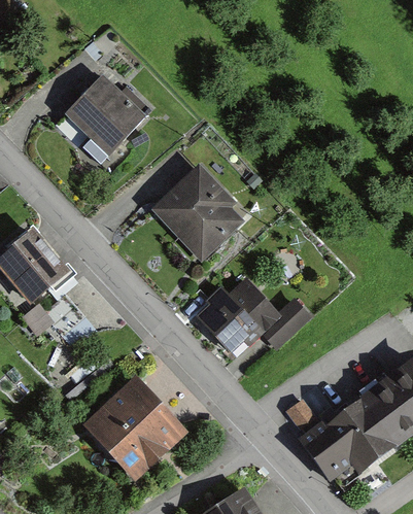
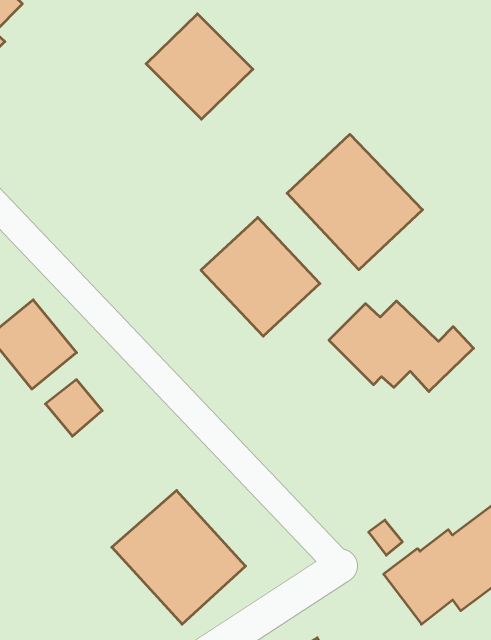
building: [66,76,147,157] -> [146,14,253,119]
building: none -> [287,134,423,270]
building: [197,284,307,353] -> [329,301,474,392]

